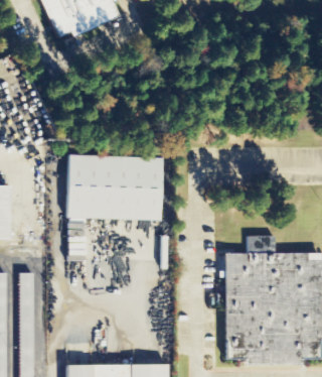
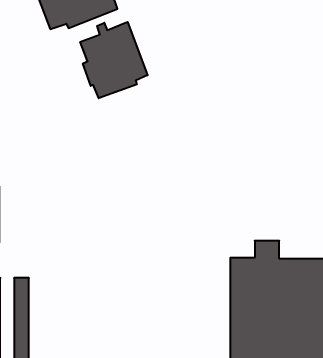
building: none -> [80,22,148,98]
building: [66,154,160,220] -> none

